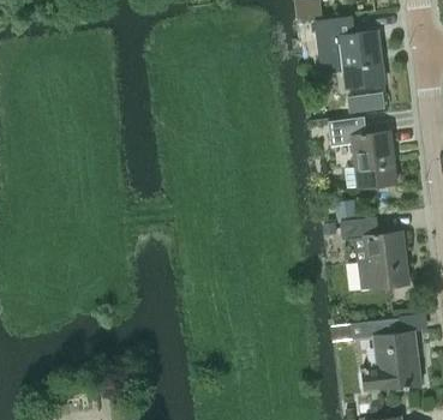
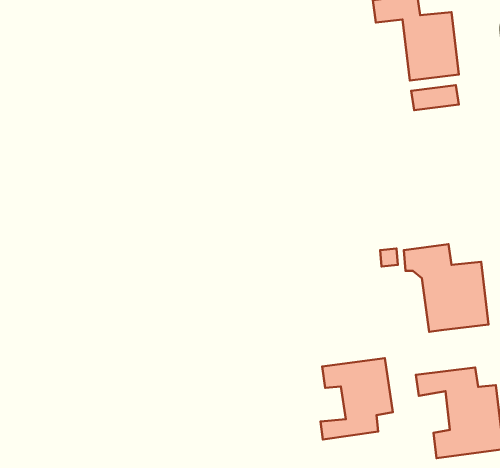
building: [327,118,396,190] -> none
building: none -> [321,358,393,439]

